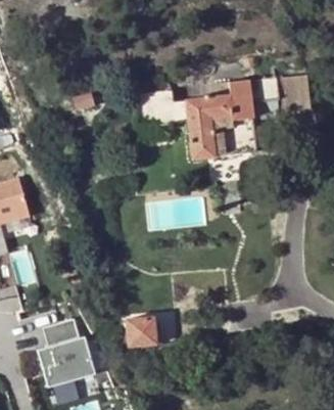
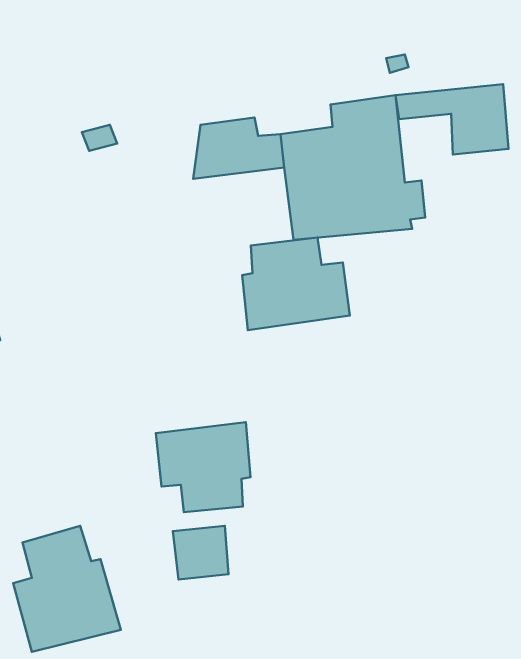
building: none -> [242,238,350,330]
building: none -> [156,422,251,512]

